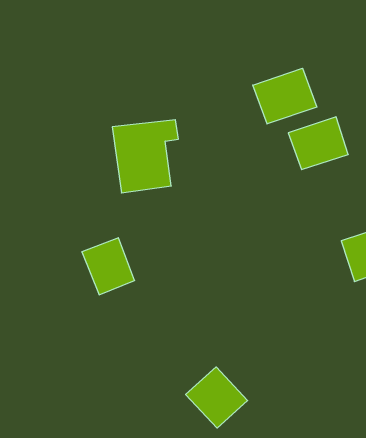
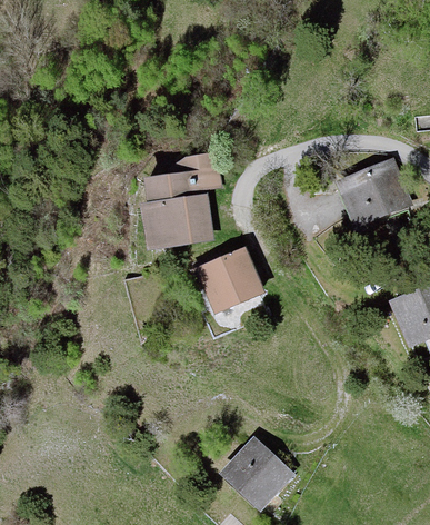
building: [253,68,317,124] -> none
building: [82,238,135,295] -> [201,249,259,311]

